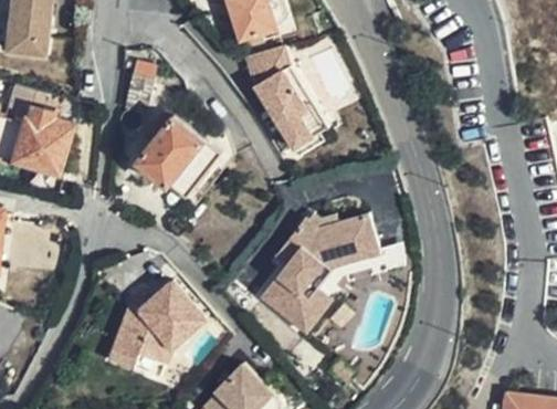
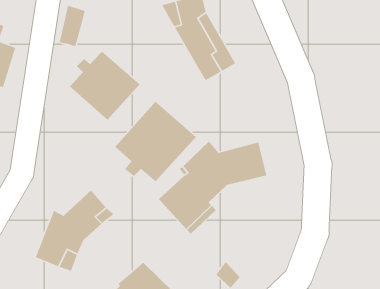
building: none -> [114,101,197,182]

